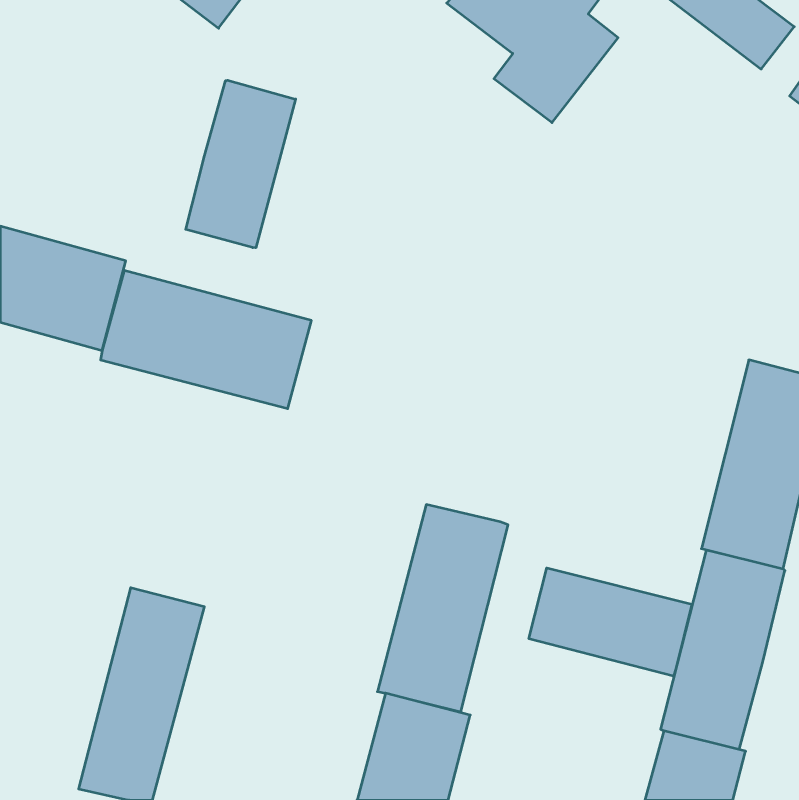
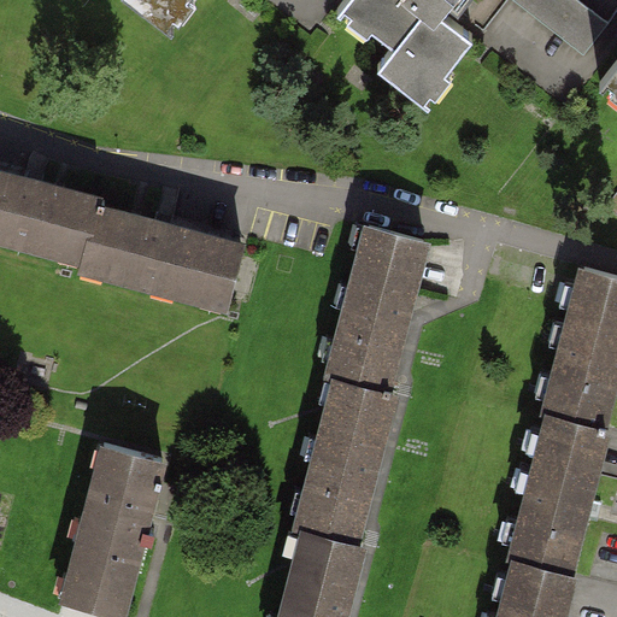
building: [186,80,296,248] -> none
building: none -> [324,231,424,400]
building: [529,568,692,676] -> none

